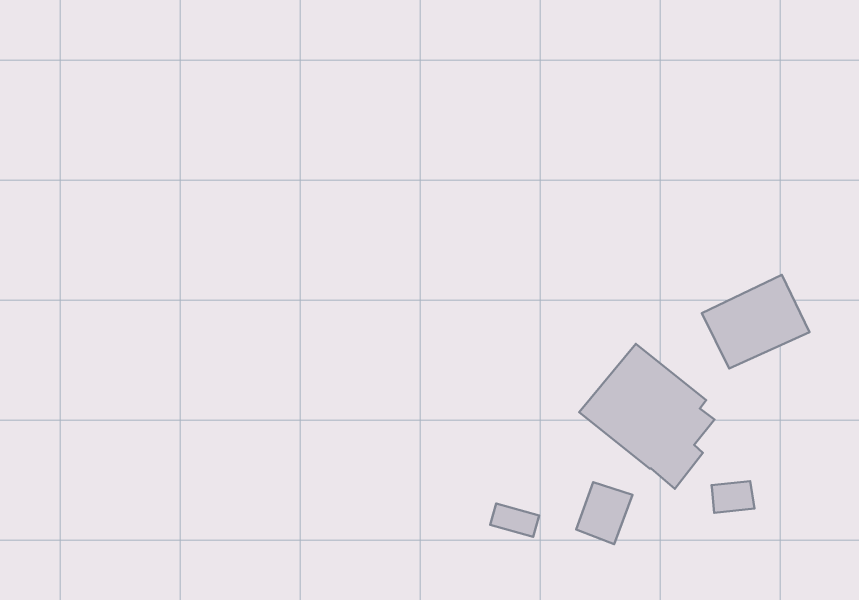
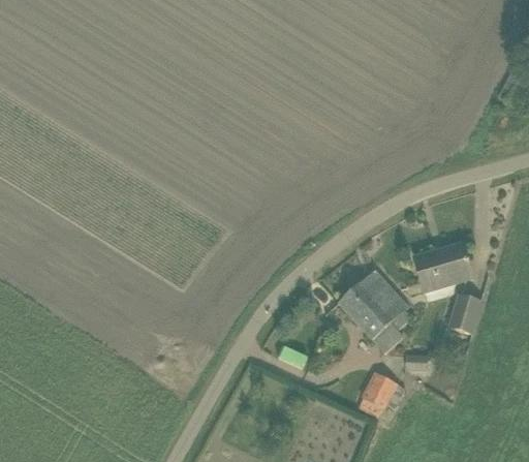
building: none -> [448,295,479,333]
building: [576,482,633,544] -> [362,372,396,408]

